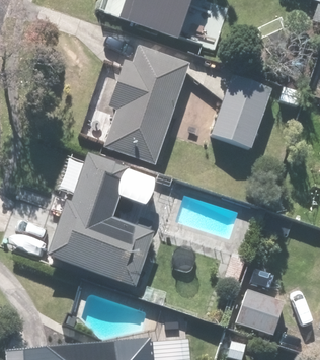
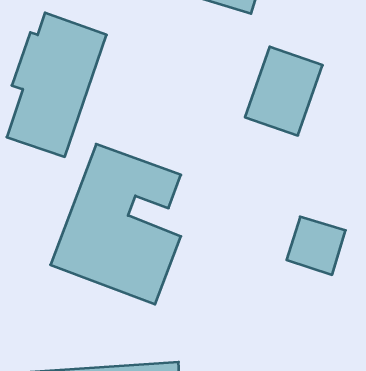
building: [105,45,187,163] -> [7,13,107,157]
building: [235,286,284,334] -> [287,217,346,275]

